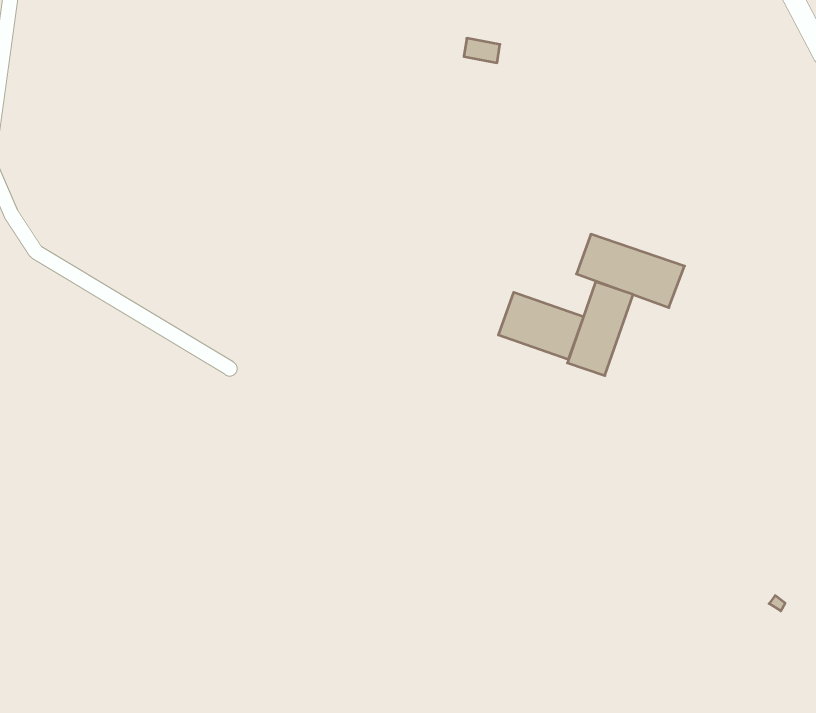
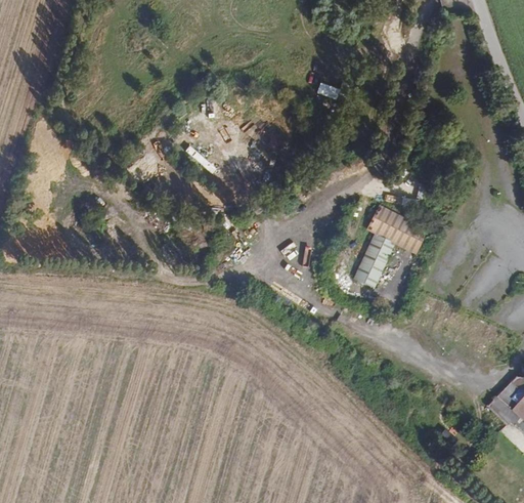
building: [498,292,583,359] -> none

